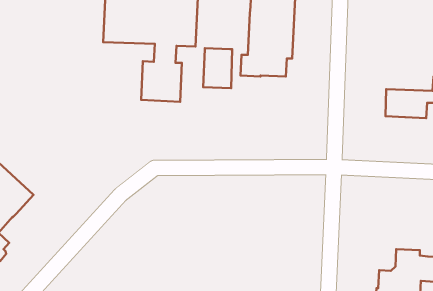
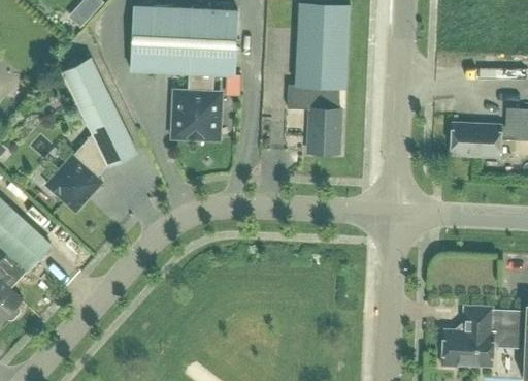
building: none -> [46,58,137,212]
building: [203,48,232,88] -> [307,108,340,154]

